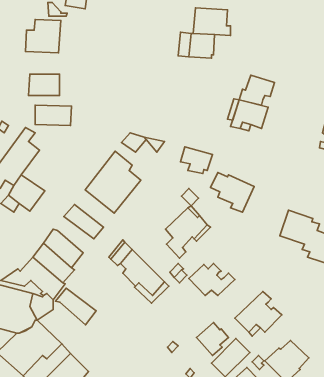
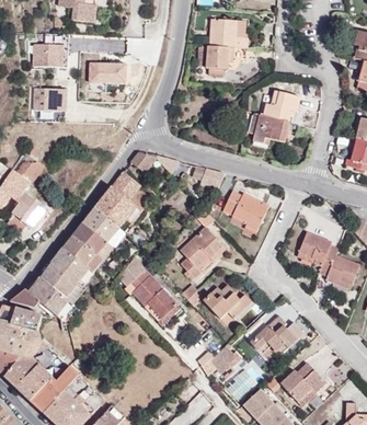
building: [35,105,72,126] -> [90,64,127,84]
building: none -> [84,208,125,246]
building: [56,288,96,325] -> [62,236,104,273]

